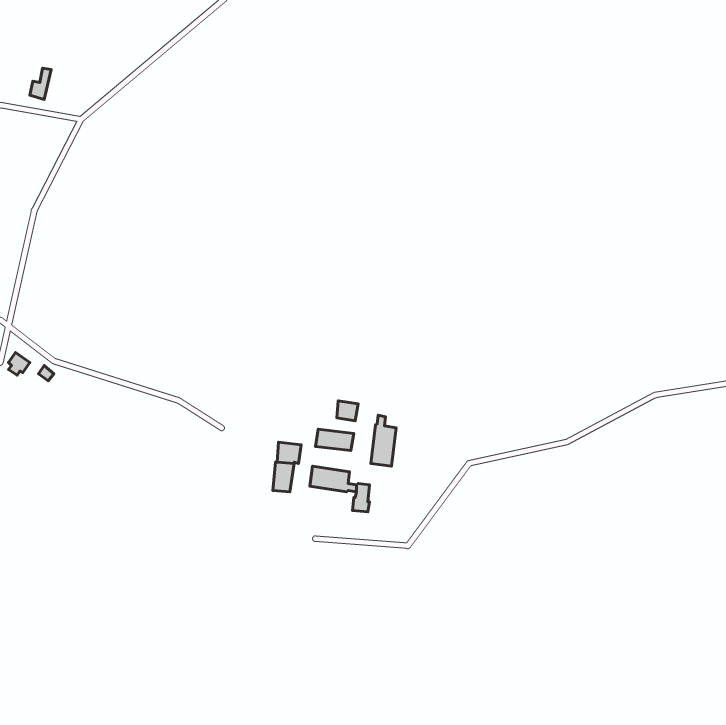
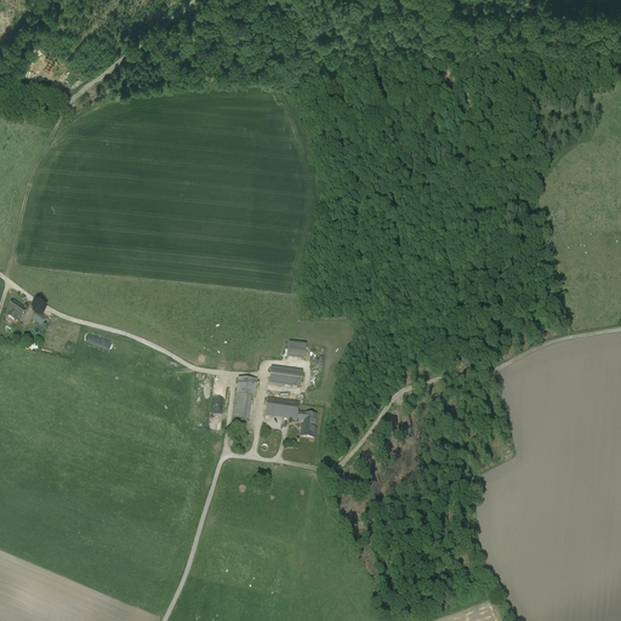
building: [371,415,396,466] -> none

